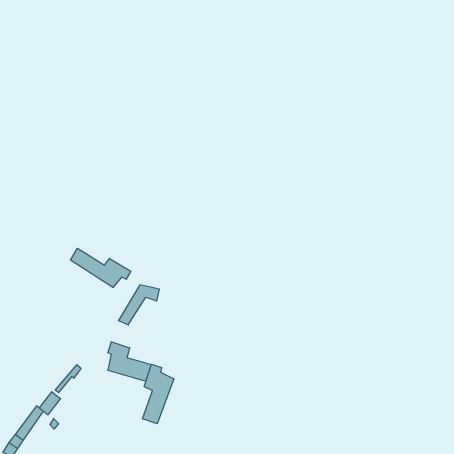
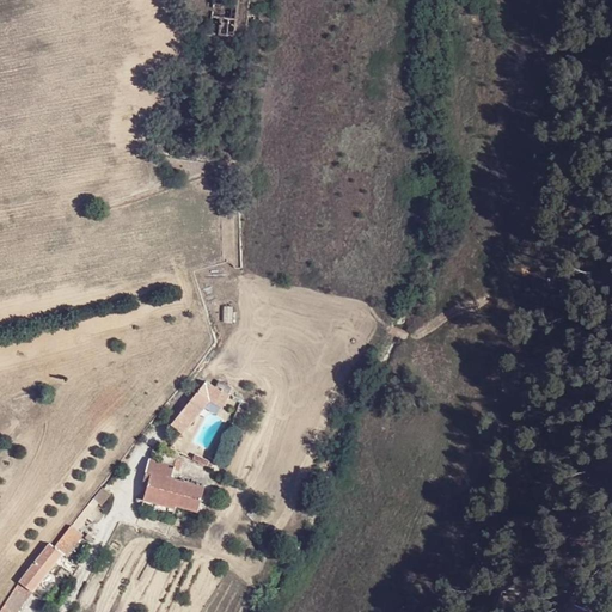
building: [70,248,131,287] -> none
building: [142,364,174,424] -> none

